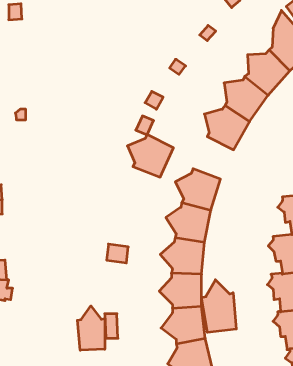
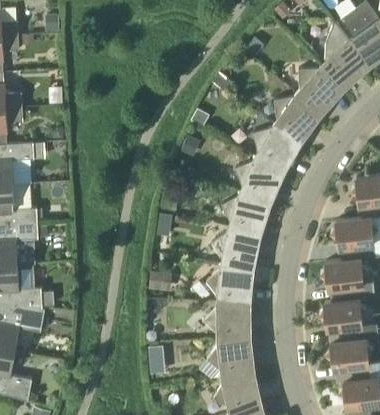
building: [127,135,173,177] -> [235,157,284,202]
building: [202,280,236,332] -> none
building: [77,306,105,350] -> none

